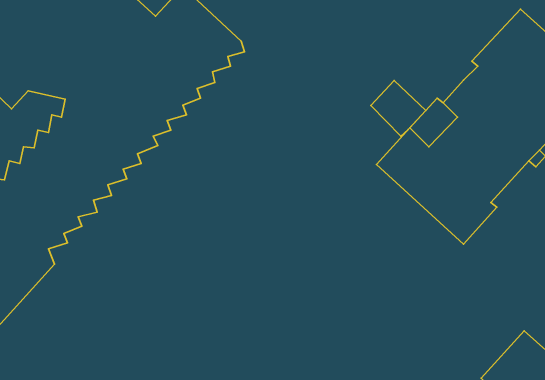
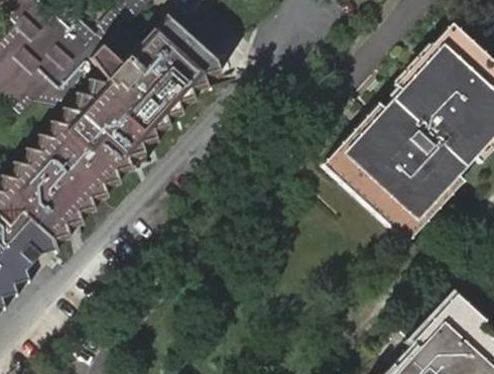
building: [371,80,426,136] -> none

